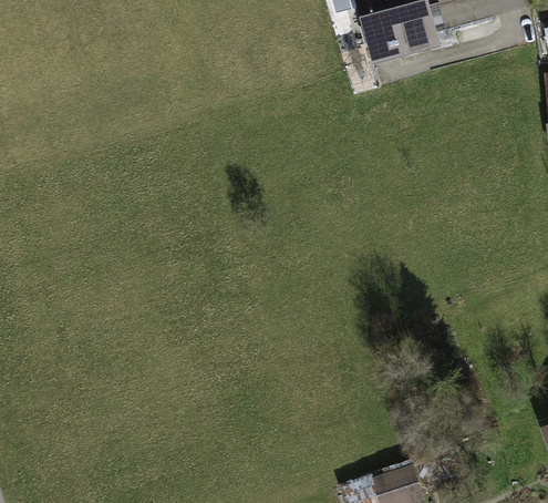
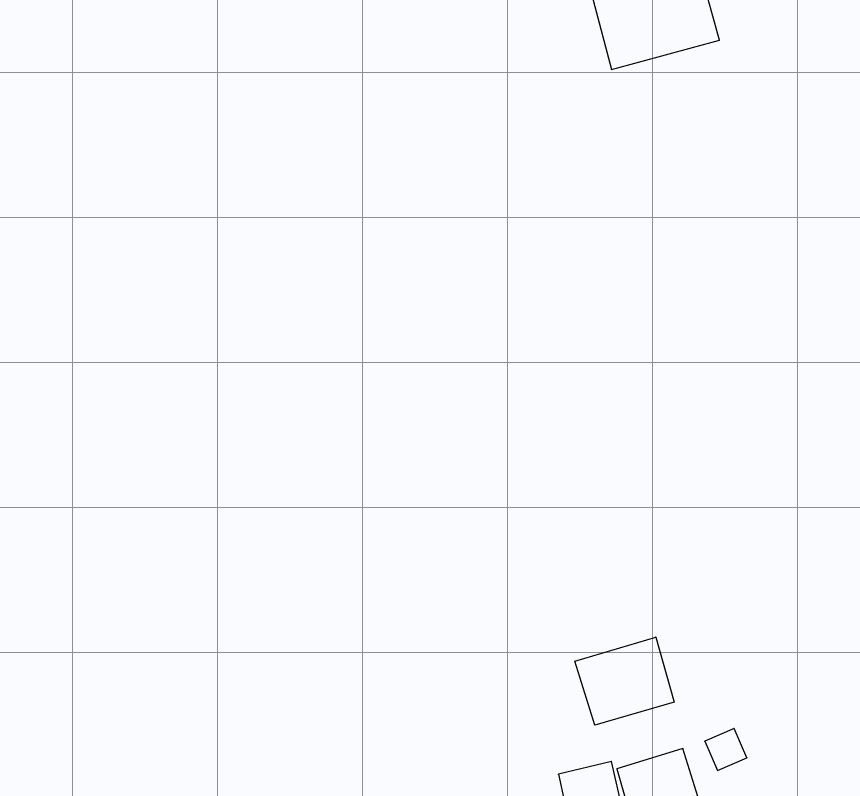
building: none -> [575,637,674,725]

